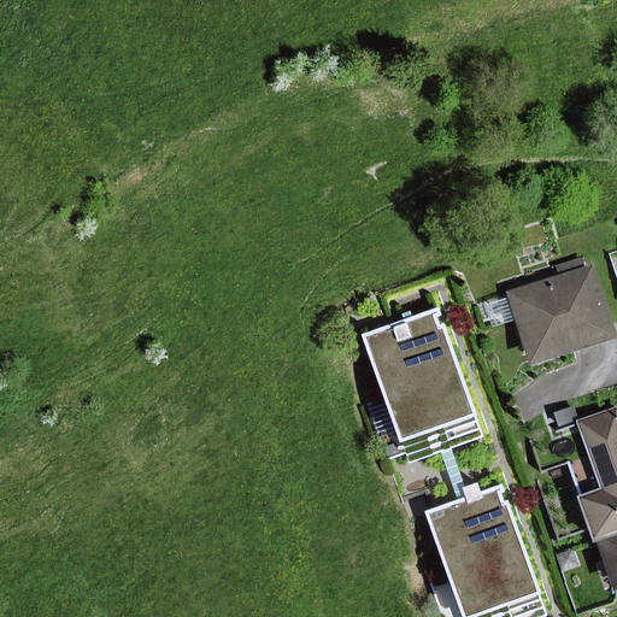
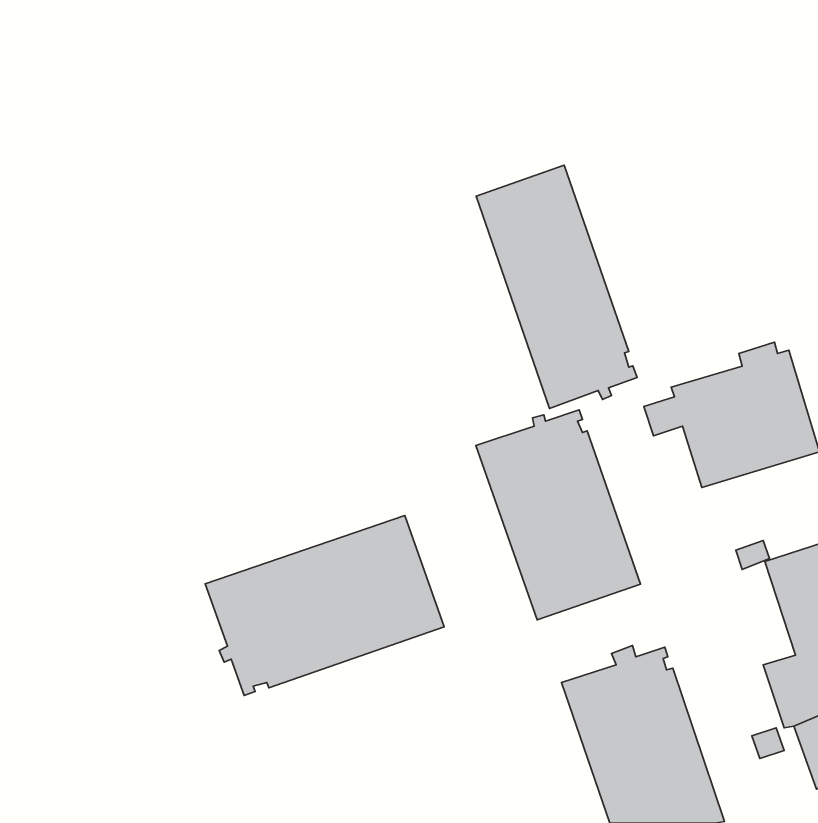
building: none -> [476,165,637,408]
building: none -> [205,515,444,695]

